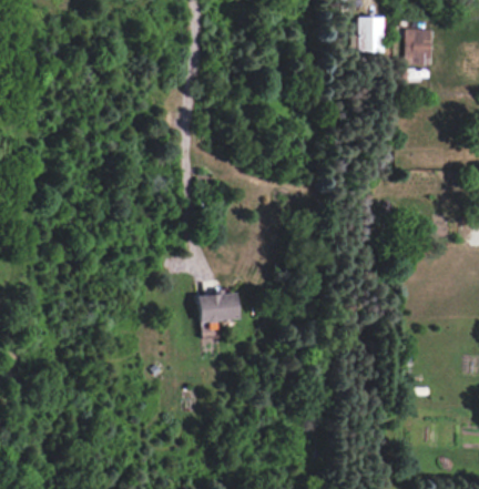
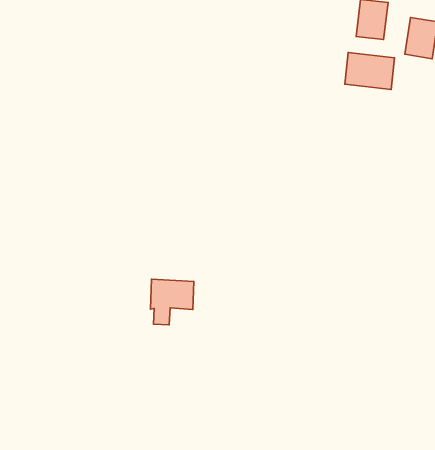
building: none -> [345,52,395,90]

